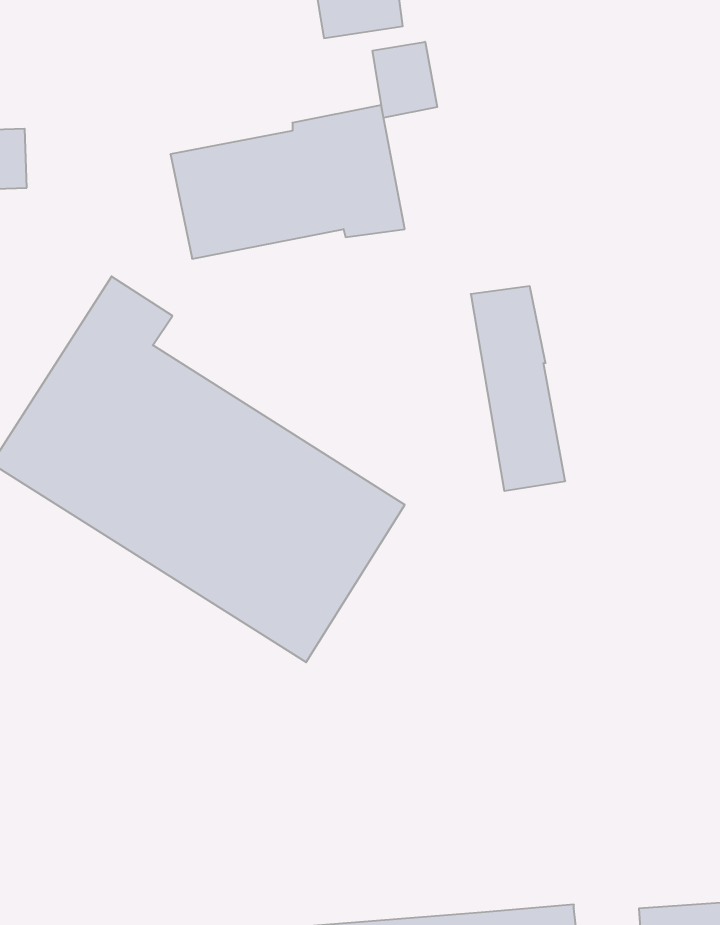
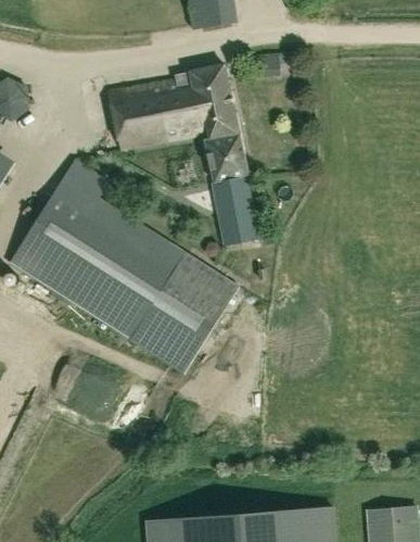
building: [373,42,437,118] -> none
building: [471,286,565,491] -> [205,134,257,247]

